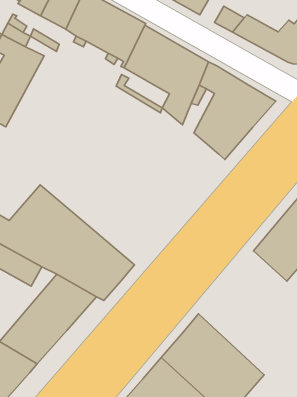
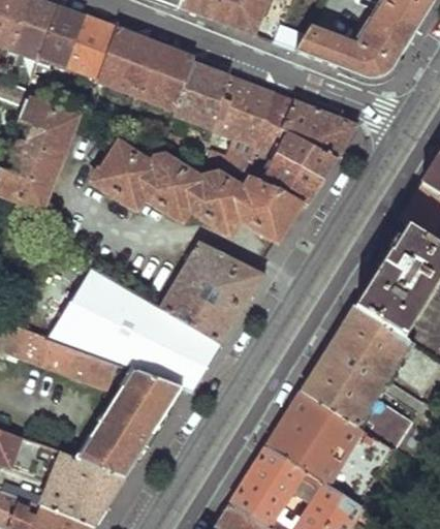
building: none -> [98,139,300,237]
building: none -> [158,241,263,344]
building: none -> [304,307,412,453]

